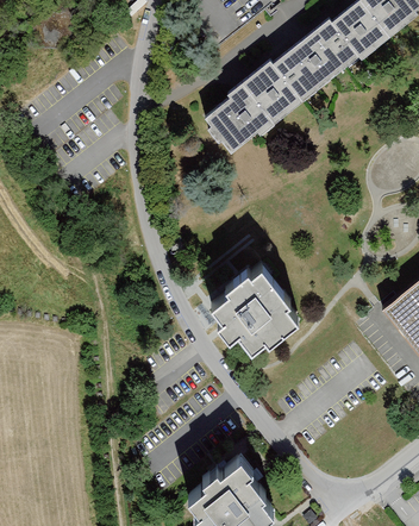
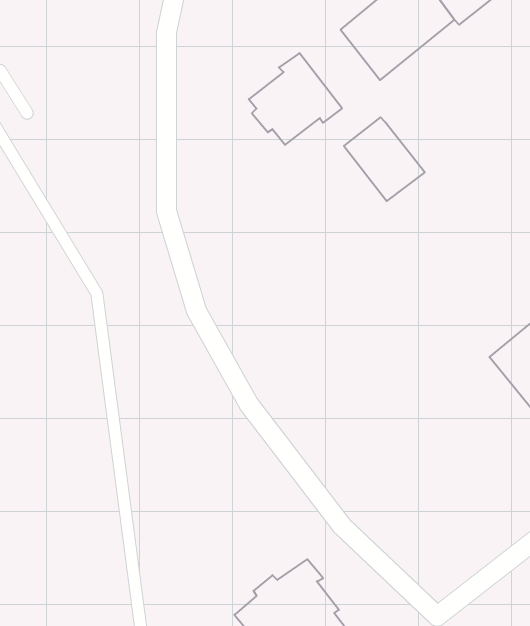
building: [239,61,300,124] -> [344,117,425,201]
building: [214,273,301,355] -> none

